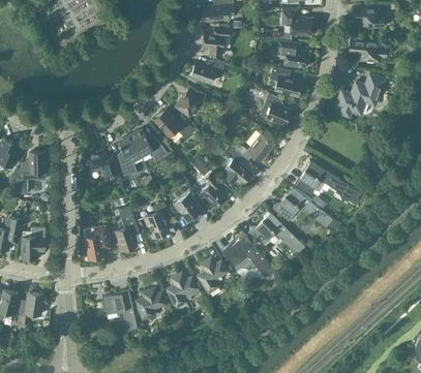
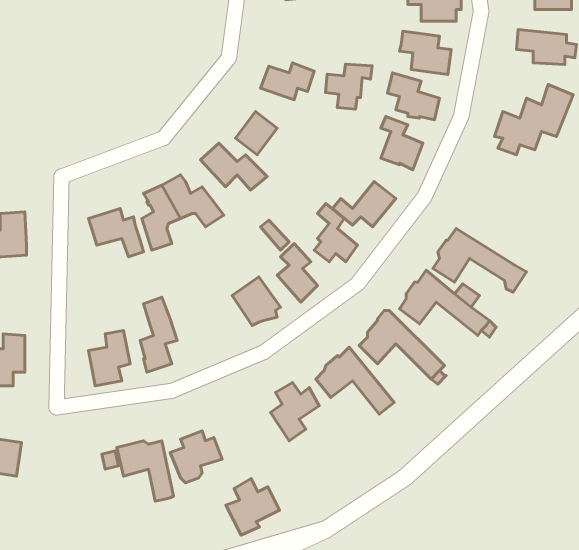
building: [202,28,231,56] -> [325,64,372,109]
building: [145,203,173,238] -> none
building: [166,272,199,307] -> [226,478,279,535]

